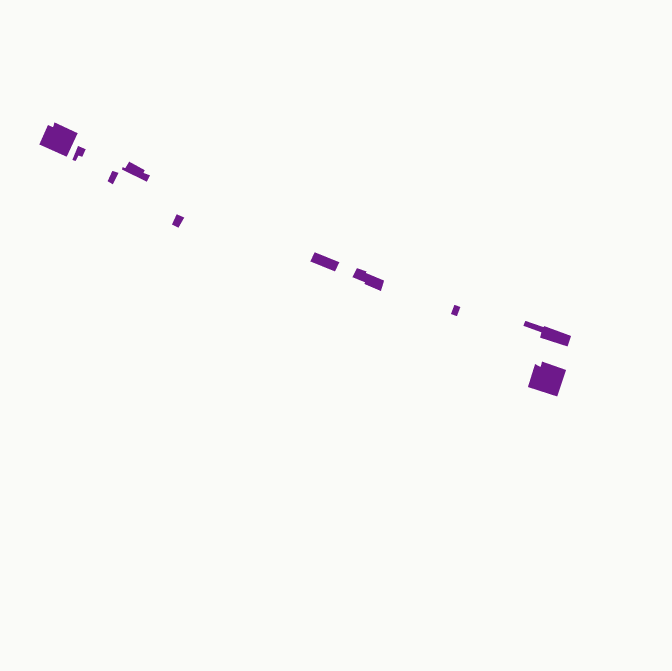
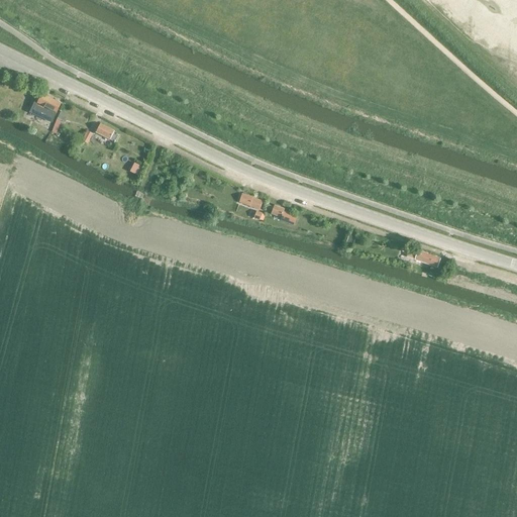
building: [527,361,567,397] -> none

